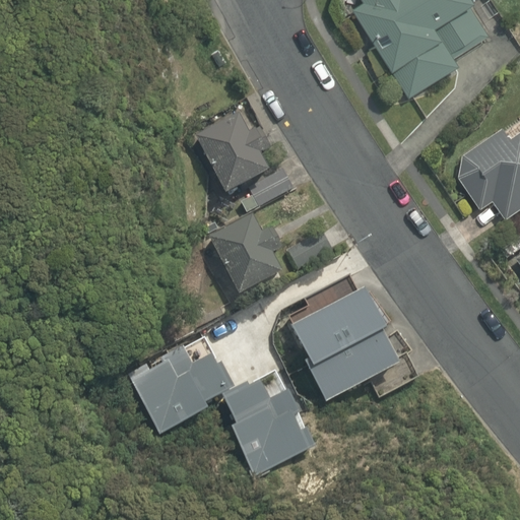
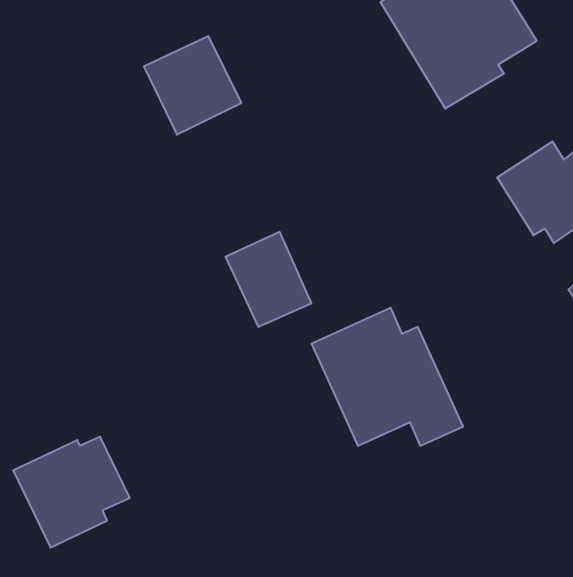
building: [192,105,279,193] -> [144,36,241,135]
building: [124,335,229,435] -> [13,437,130,548]
building: [228,380,317,478] -> none

